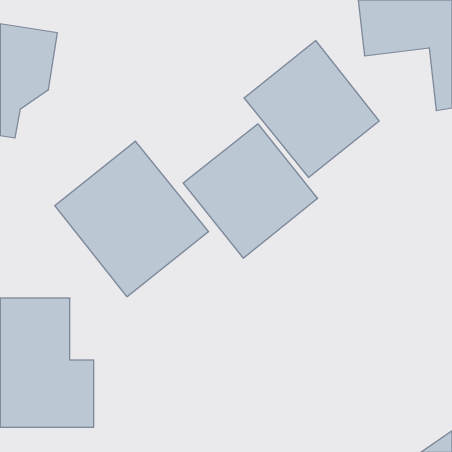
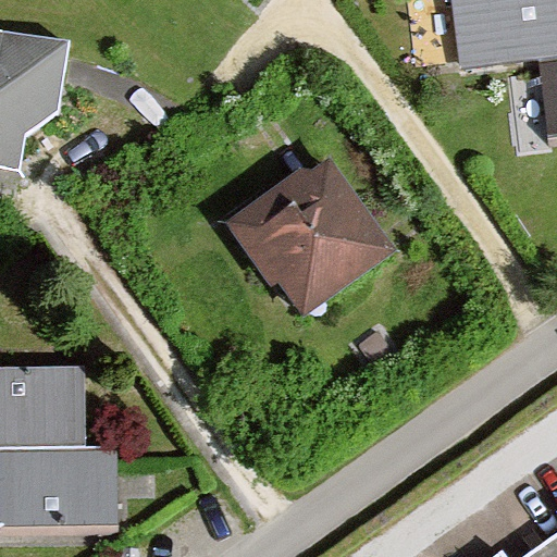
building: [244,41,379,178] -> none
building: [55,141,209,297] -> none

